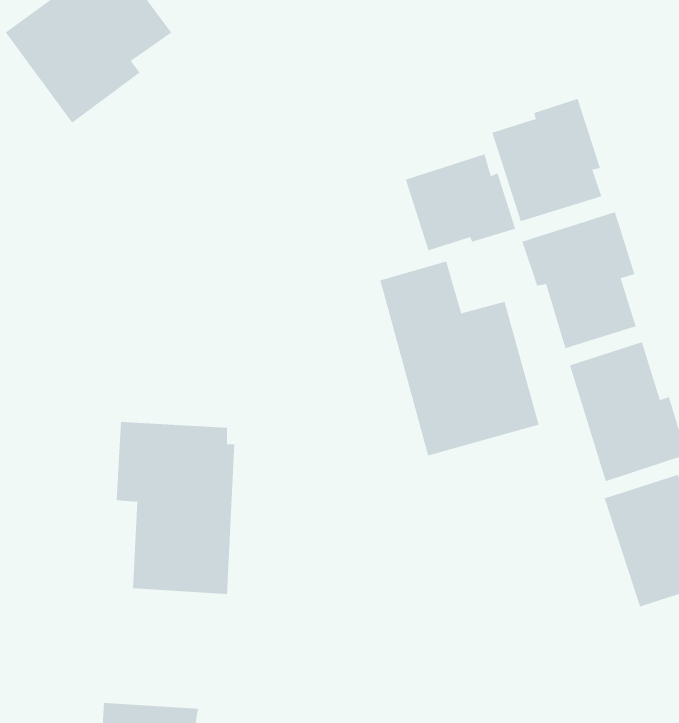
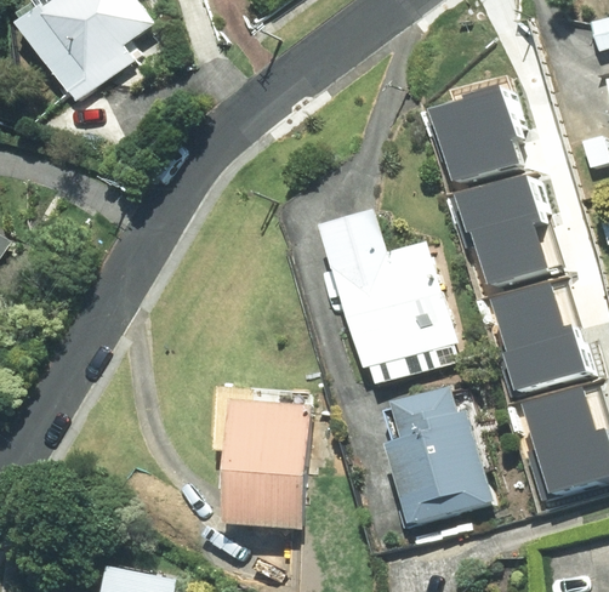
building: [405,154,516,251] -> none
building: [116,421,235,595] -> [216,389,313,530]
building: none -> [394,388,496,525]

